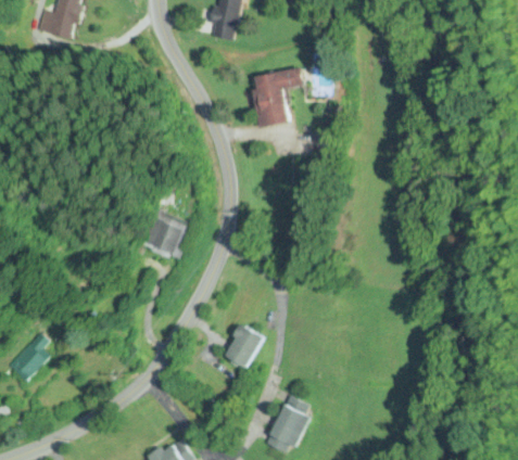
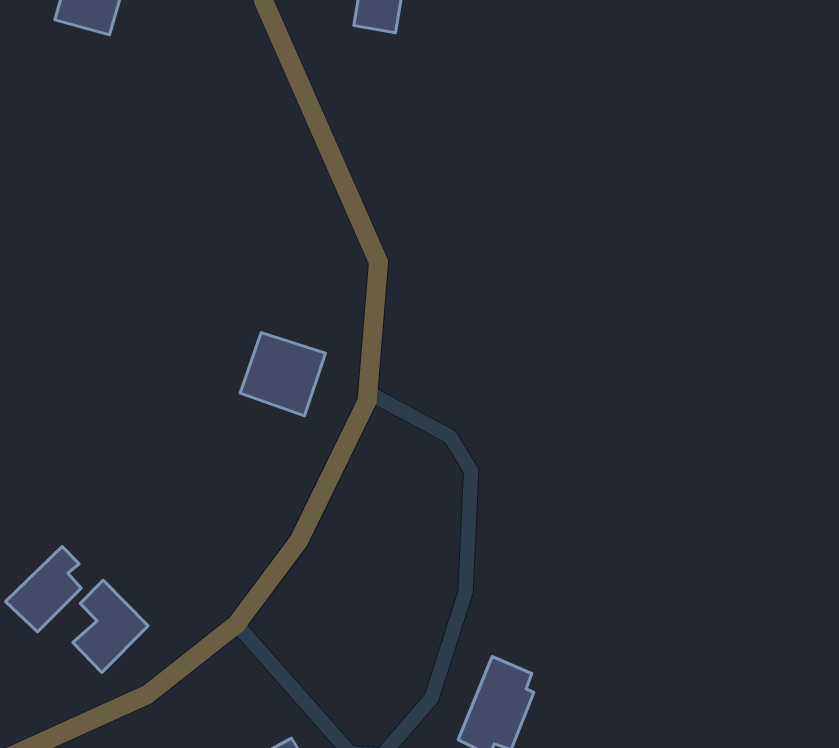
building: [249,67,304,127] -> none
building: [223,324,263,369] -> none
building: none -> [73,580,148,672]

